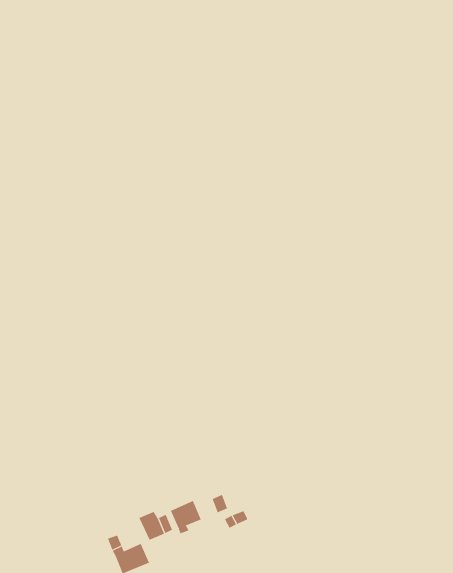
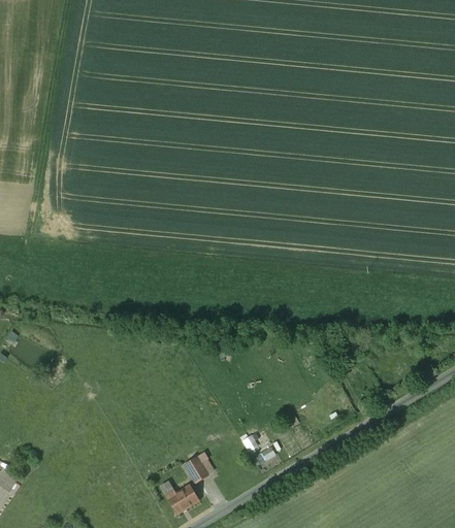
building: [170,500,201,534] -> none

